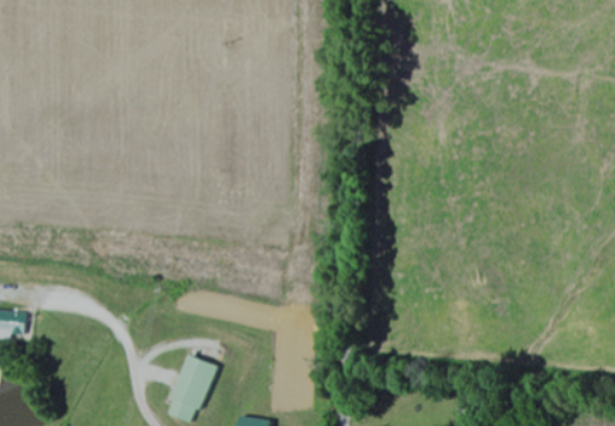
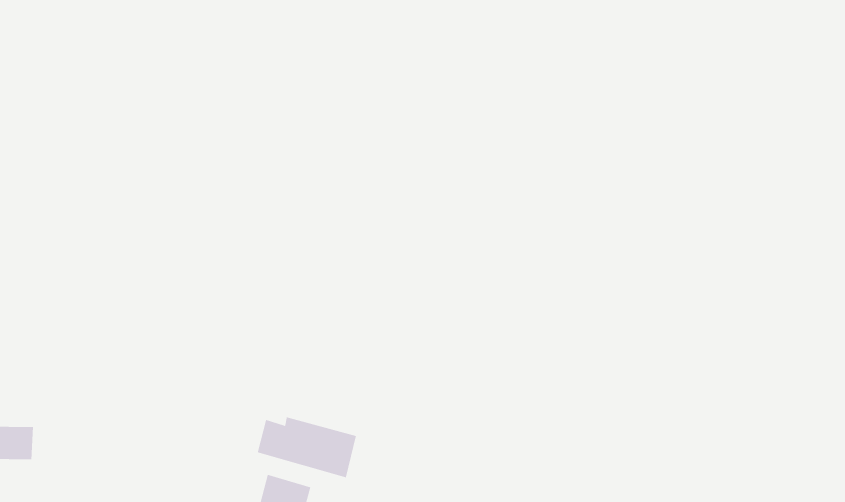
building: none -> [257,417,357,478]

